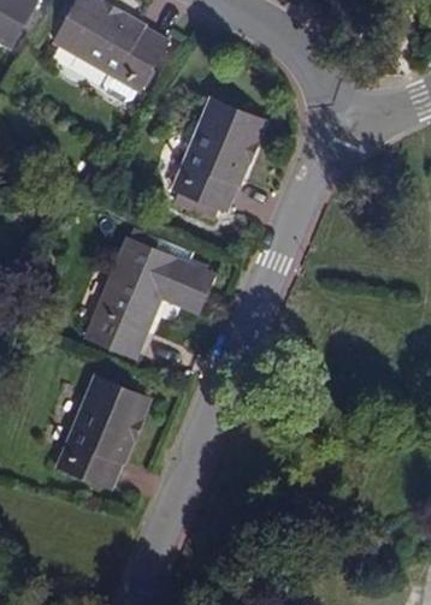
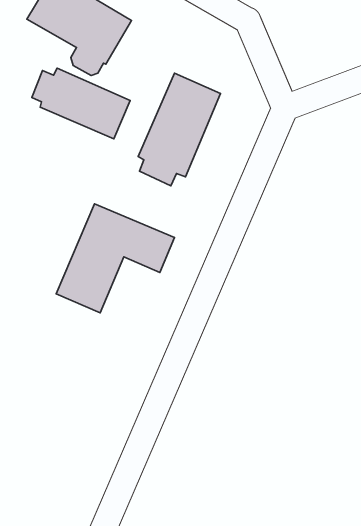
building: none -> [32,68,130,139]
building: [60,378,146,486] -> none

